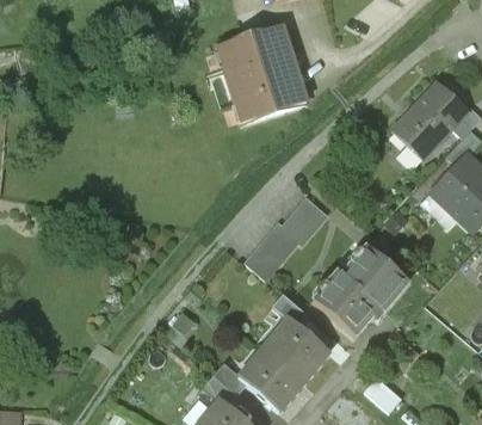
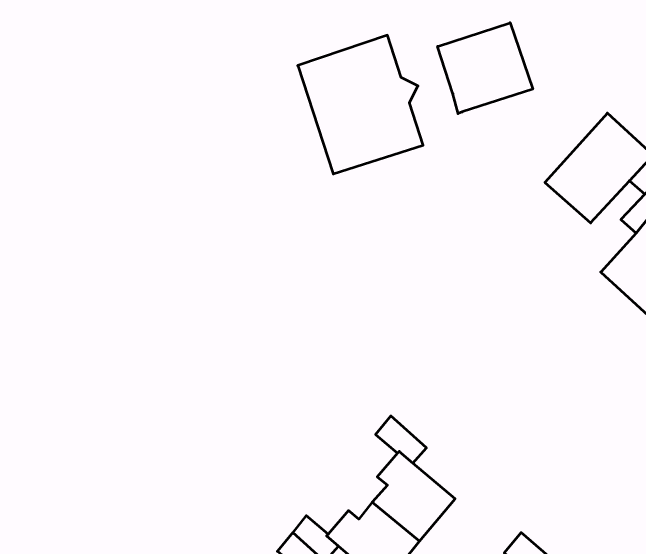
building: none -> [438,23,533,114]
building: [243,192,327,277] -> none
building: [314,247,407,334] -> none

